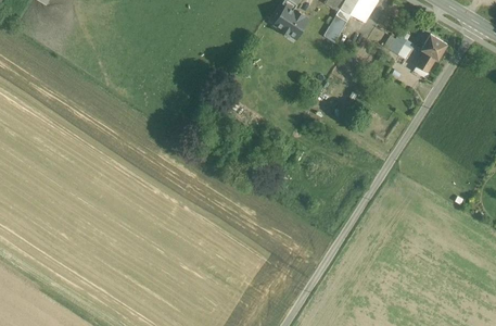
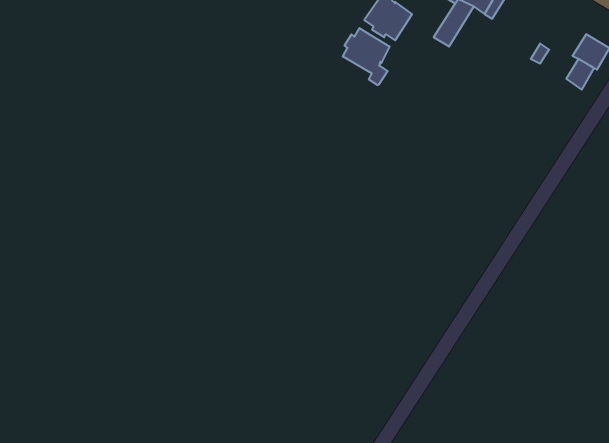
building: none -> [343,28,390,85]

